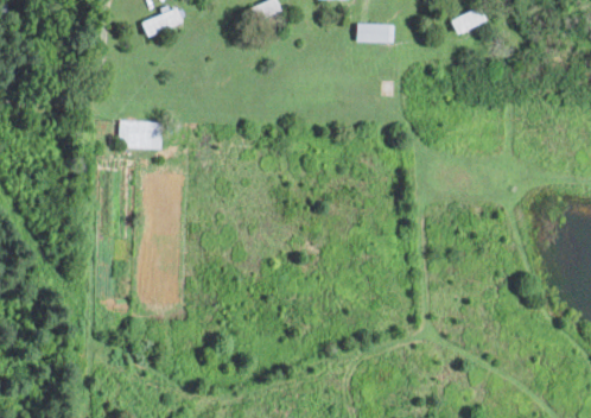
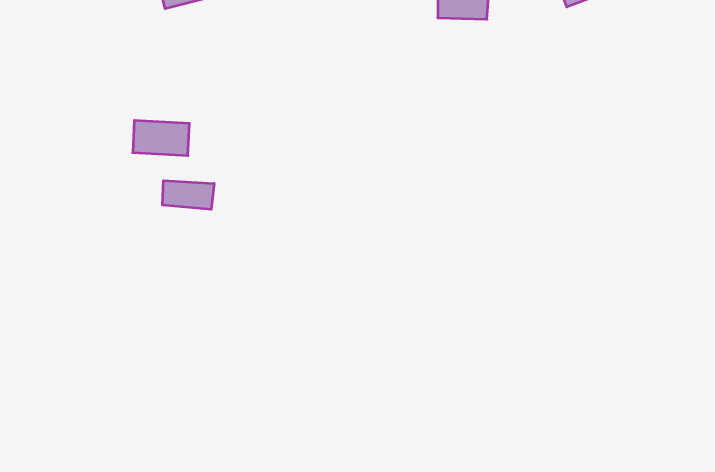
building: none -> [162,181,214,209]

